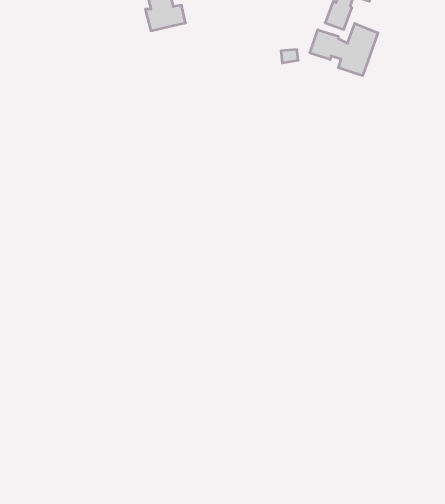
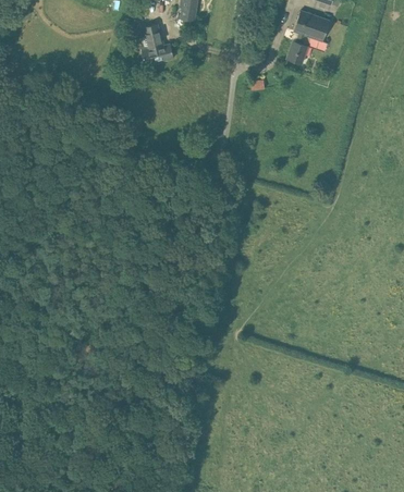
building: [310,23,378,76] -> none

